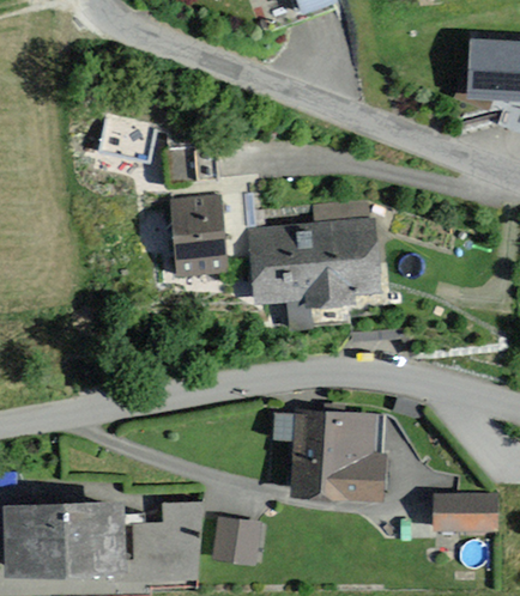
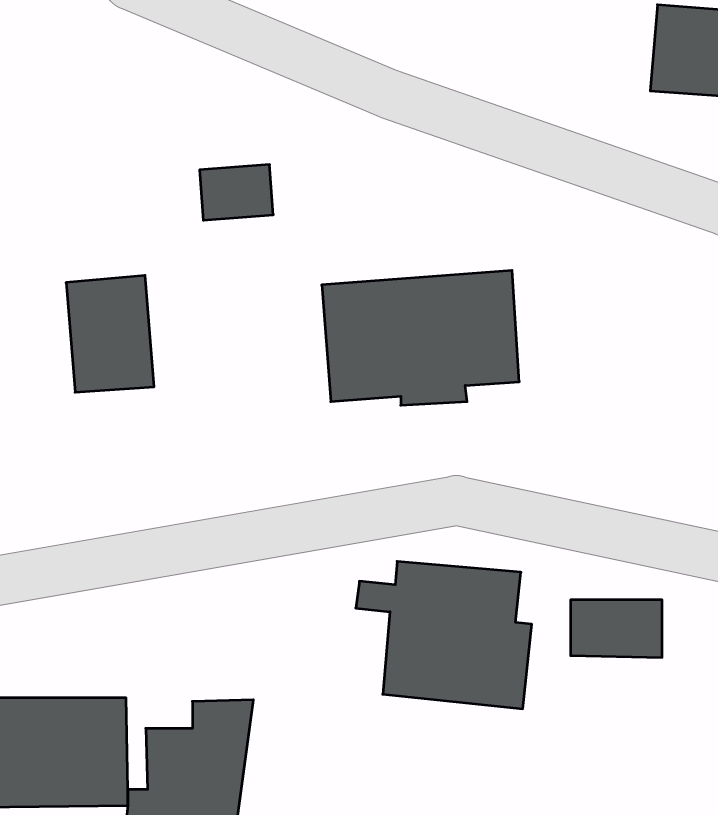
building: [107,120,158,160] -> none
building: [168,188,226,266] -> [66,275,154,392]
building: [437,499,498,537] -> [571,600,662,657]
building: [219,517,265,566] -> none

